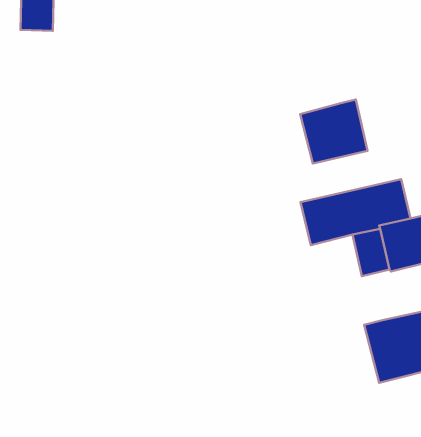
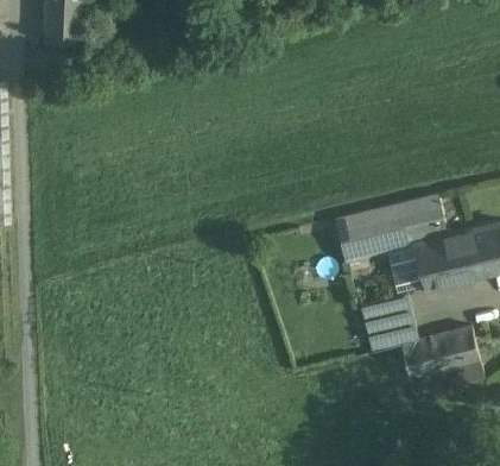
building: [300,100,367,163] -> none
building: none -> [357,291,416,351]

